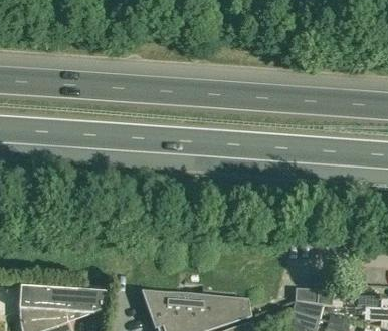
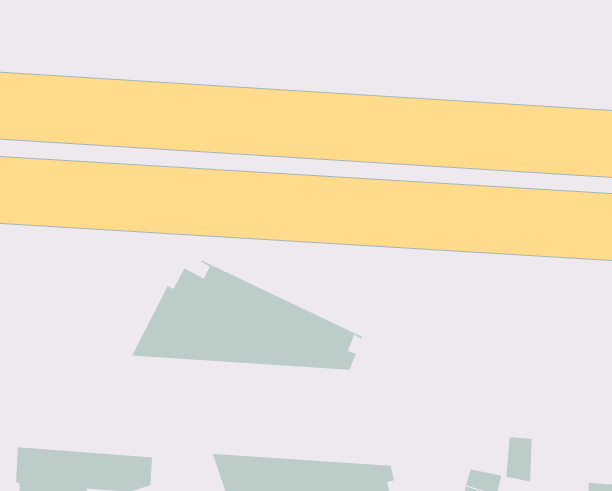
building: none -> [131,260,363,371]

